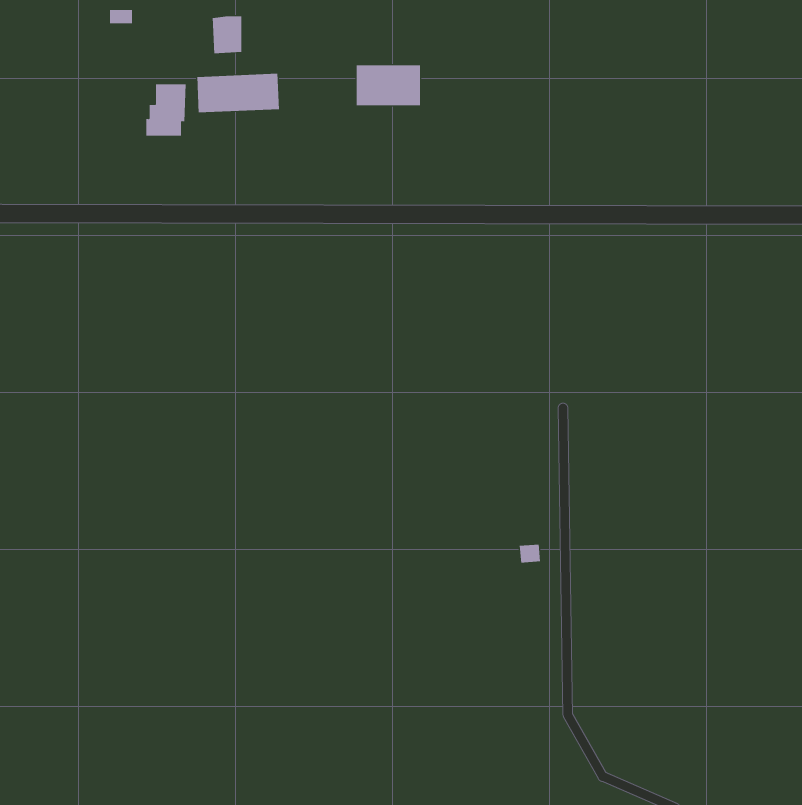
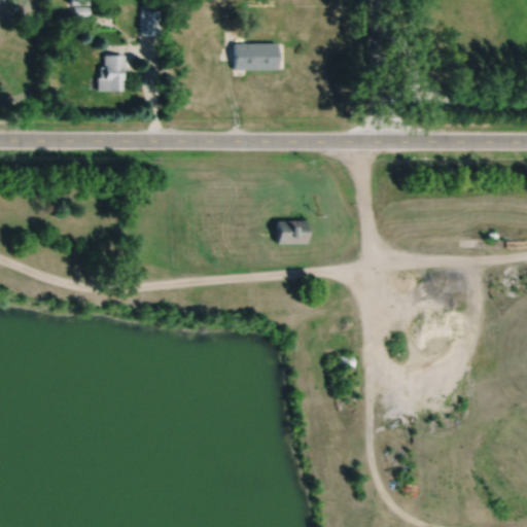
building: [197,73,279,113] -> none
building: none -> [278,219,308,243]

